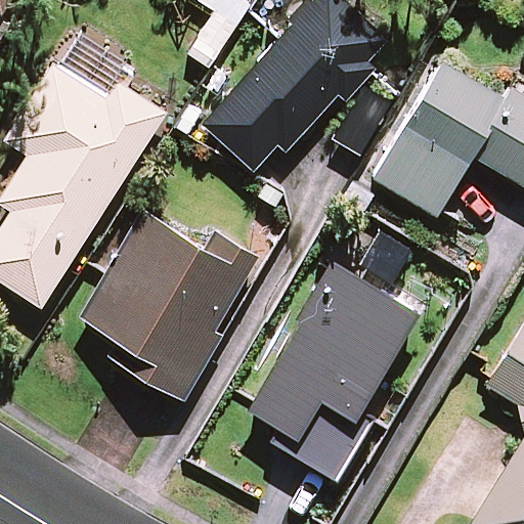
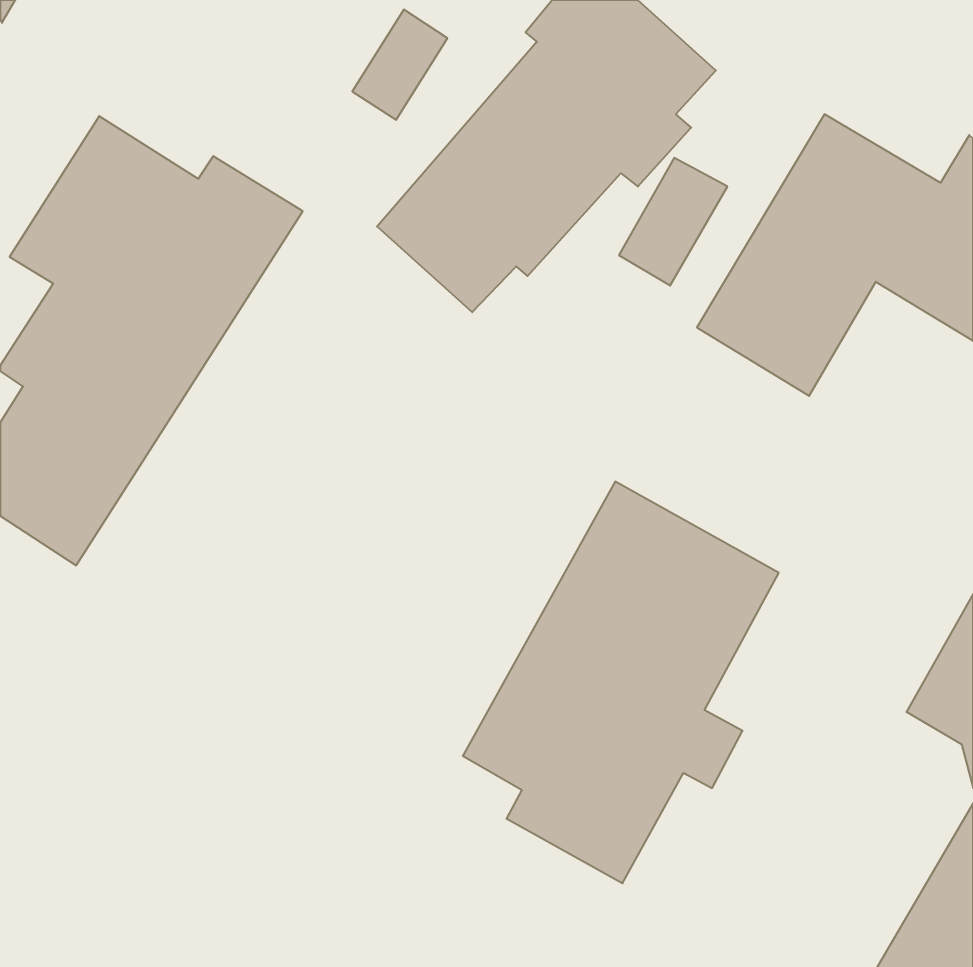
building: [82,213,257,397] -> none

